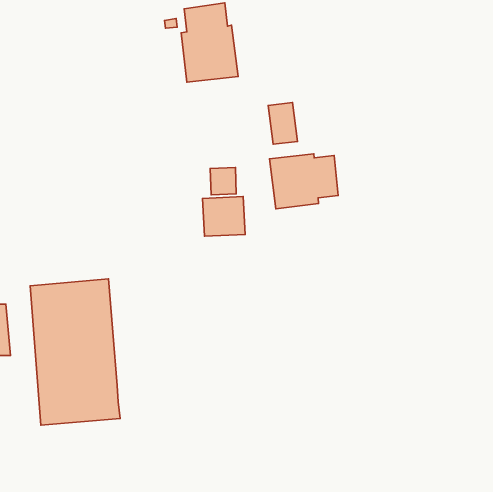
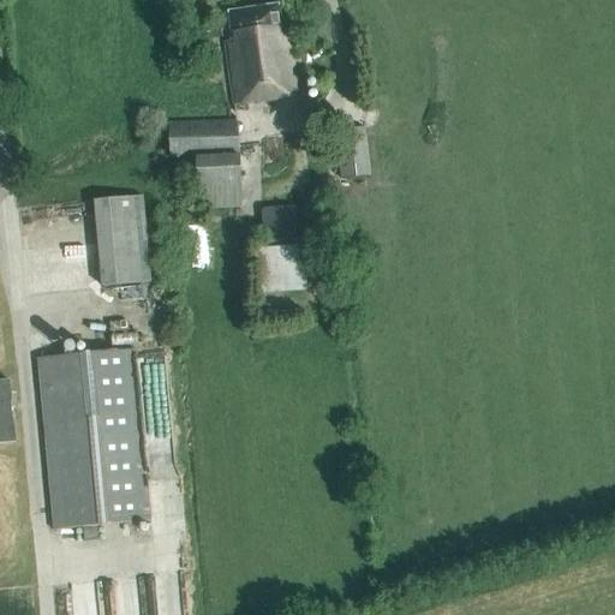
building: none -> [169,118,239,205]
building: [270,154,338,209] -> none
building: none -> [95,193,150,283]

